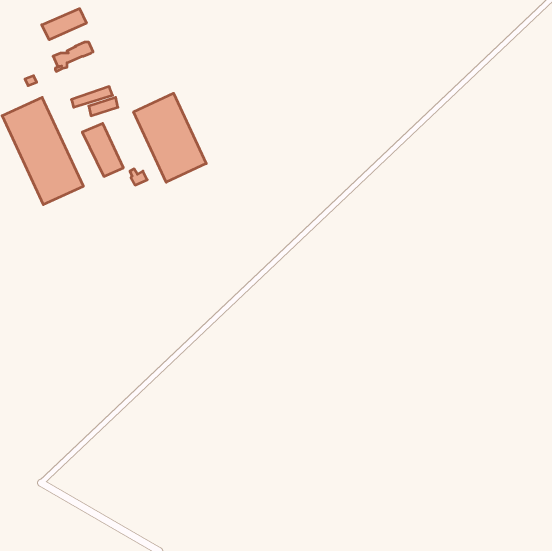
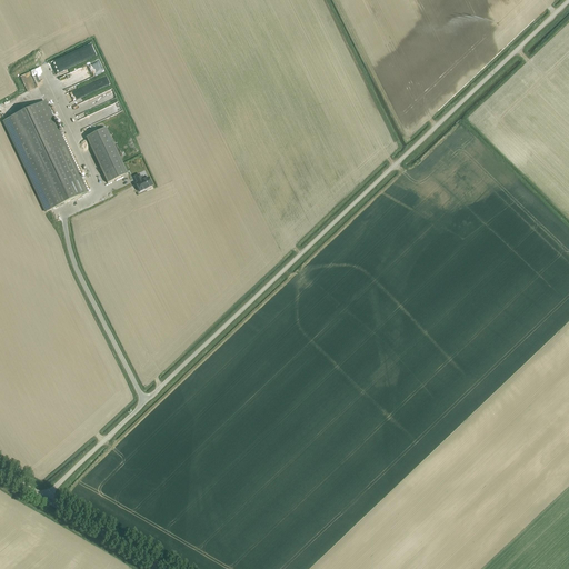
building: [42,9,86,40] -> none
building: [134,93,206,182] -> none

